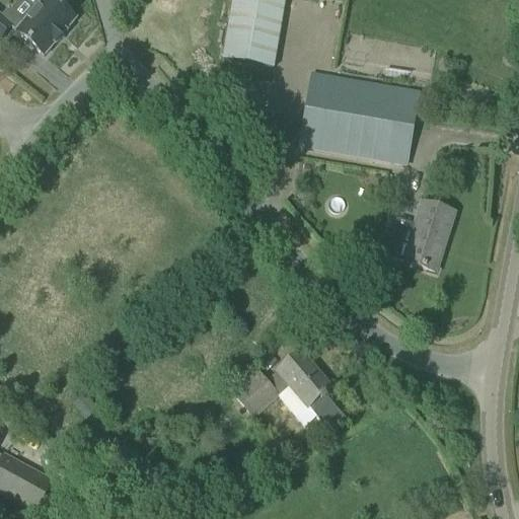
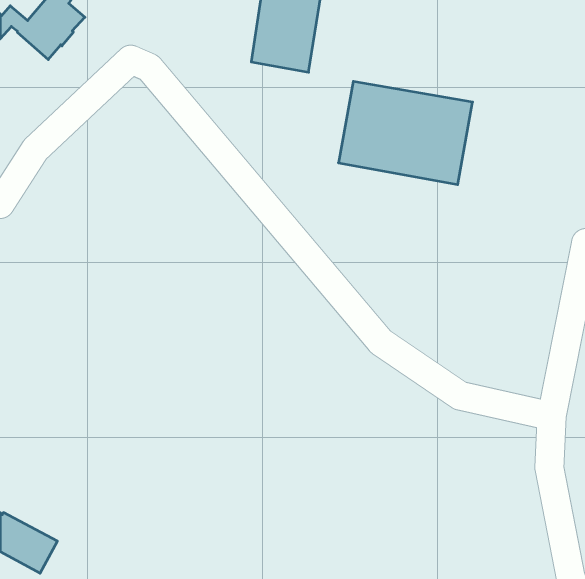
building: [386,200,454,268] -> none
building: [231,350,348,431] -> none

